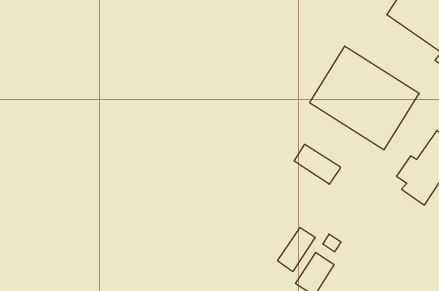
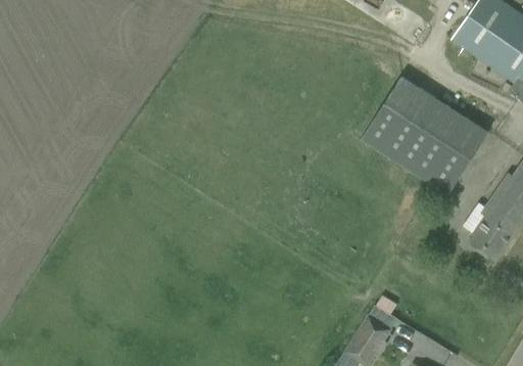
building: [294,144,340,184] -> none
building: [278,228,315,271] -> none

